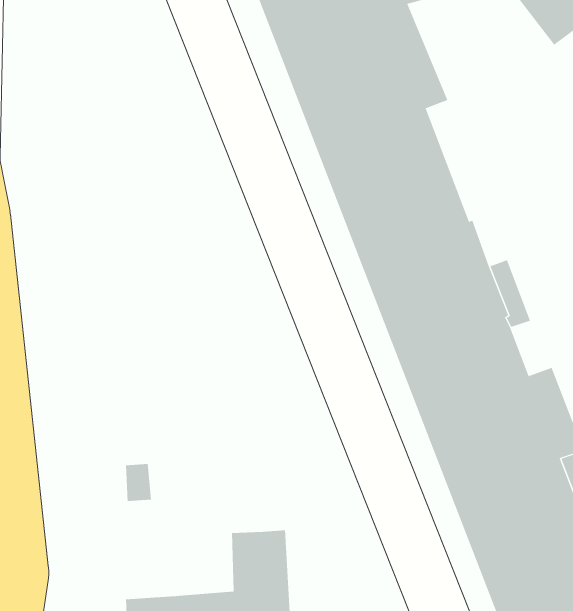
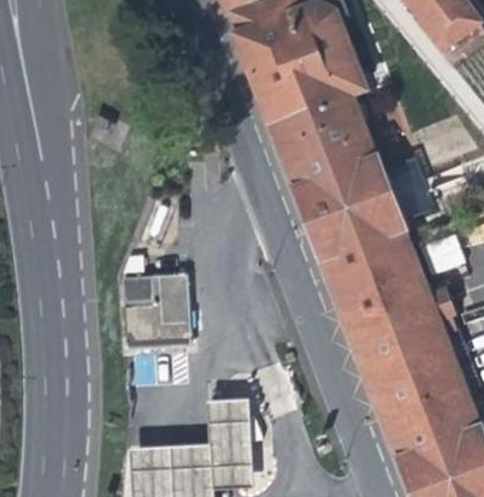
building: none -> [119,274,187,342]

